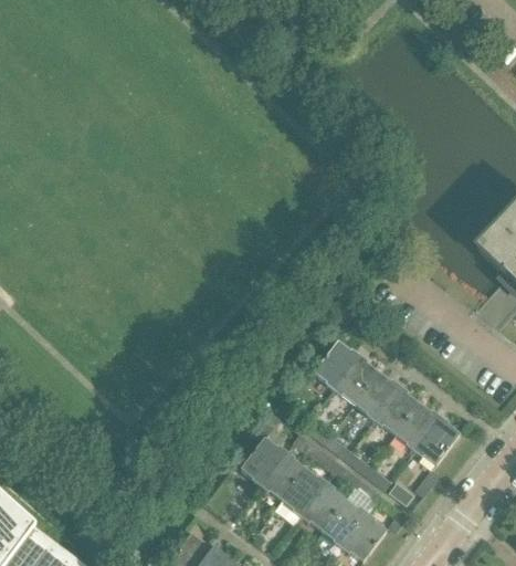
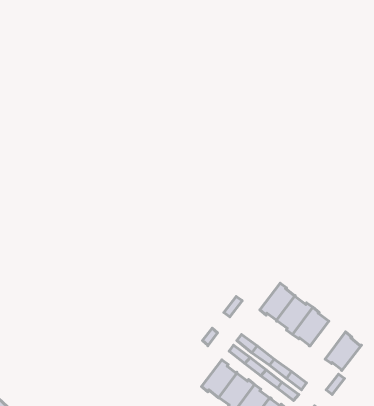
building: [313,342,358,389] -> none
building: [396,403,440,451] -> none
building: [240,438,285,485] -> none

